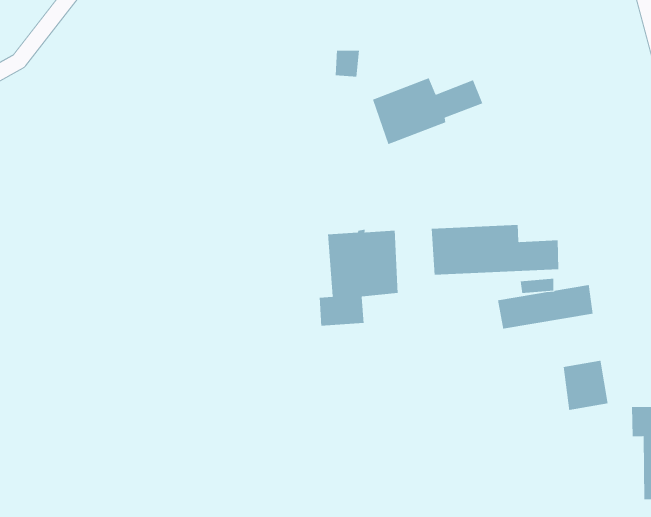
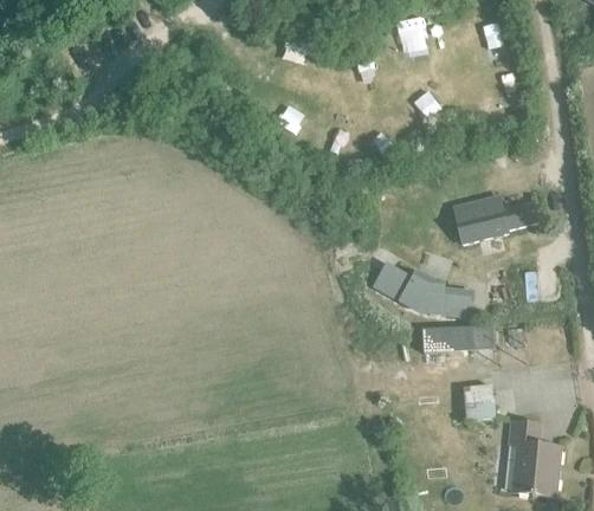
building: [372,78,483,145] -> [453,198,536,244]
building: [319,229,398,327] -> none

